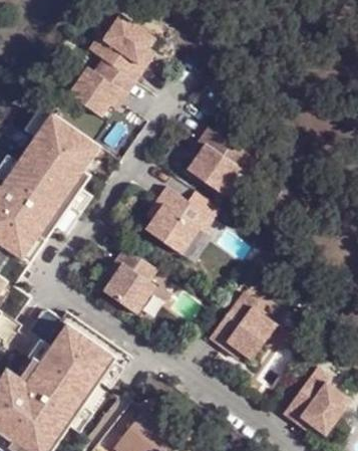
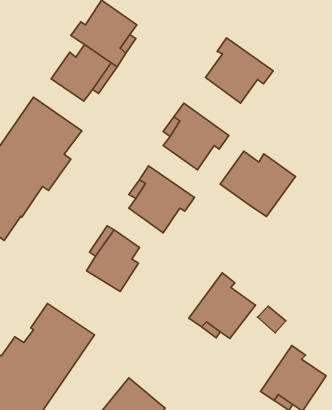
building: none -> [205,38,273,103]
building: none -> [220,151,295,217]

